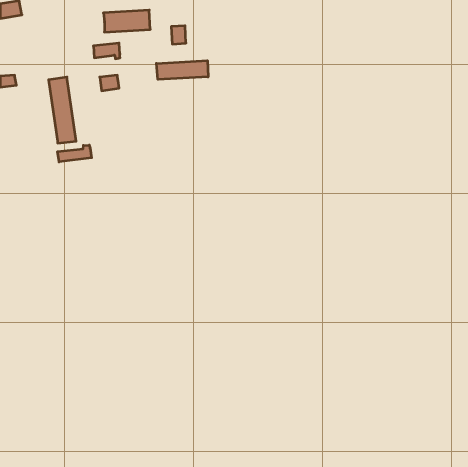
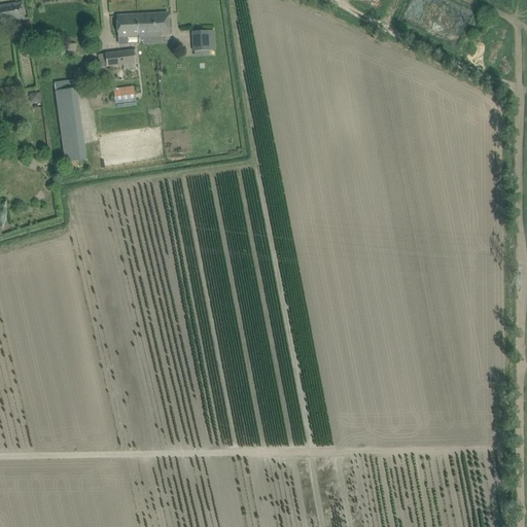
building: [156,61,208,79] -> none
building: [58,145,92,162] -> none

